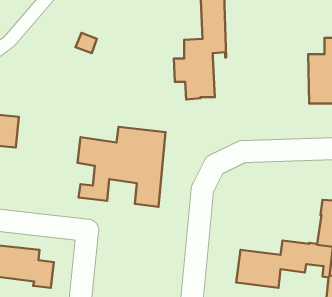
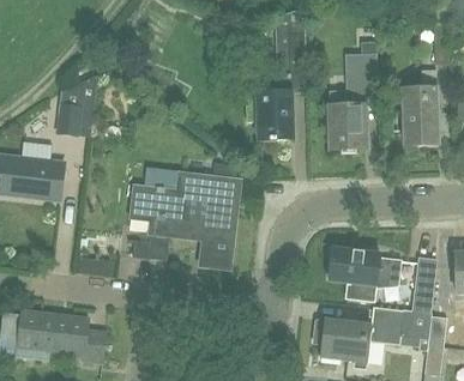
building: none -> [329,42,376,149]
building: none -> [58,74,96,137]
building: none -> [329,248,398,302]

